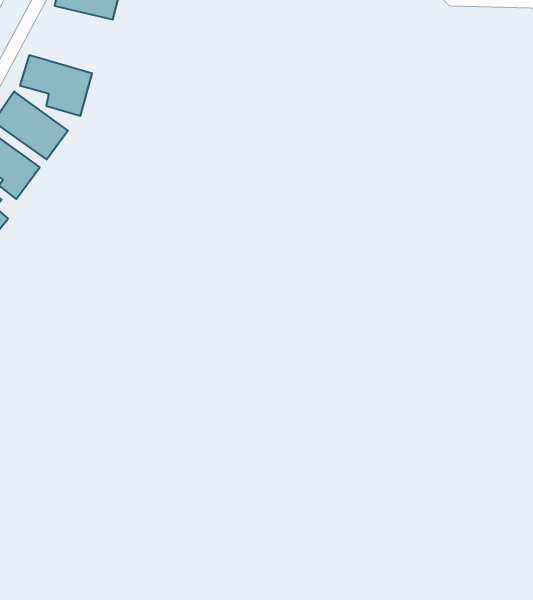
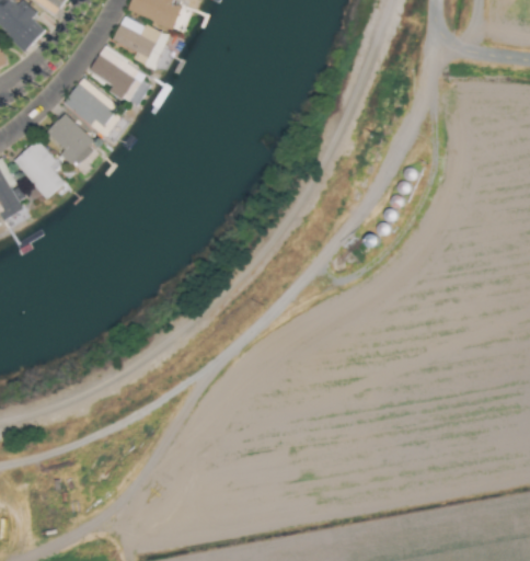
building: none -> [112,15,169,69]

